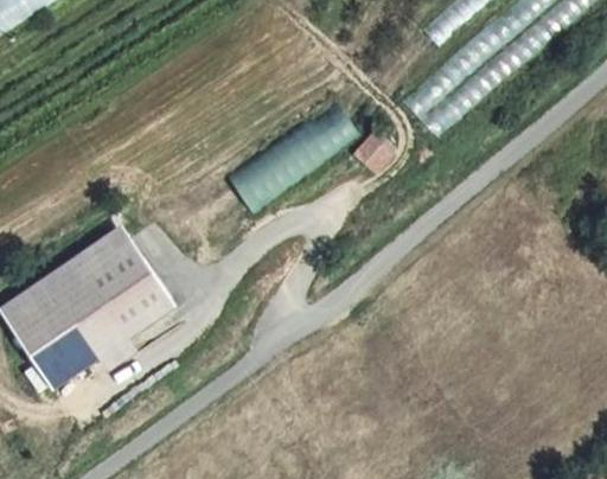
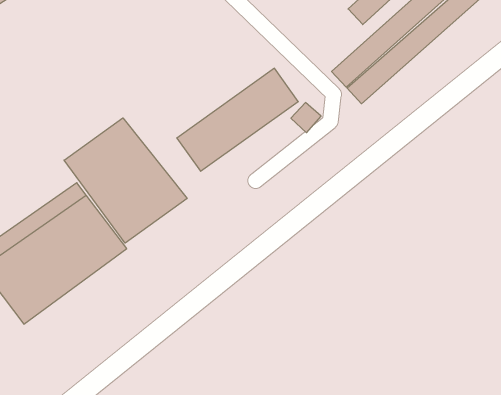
building: none -> [64,118,187,243]

